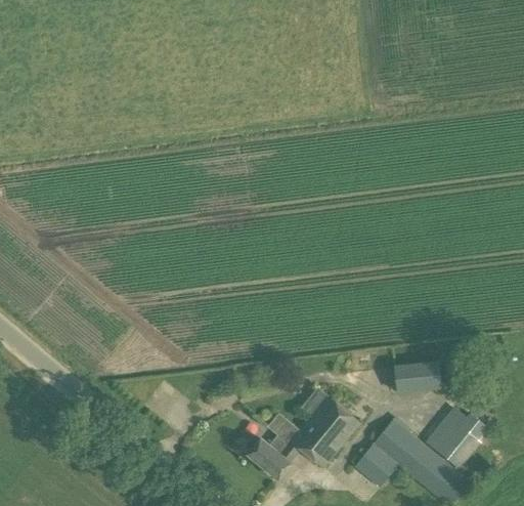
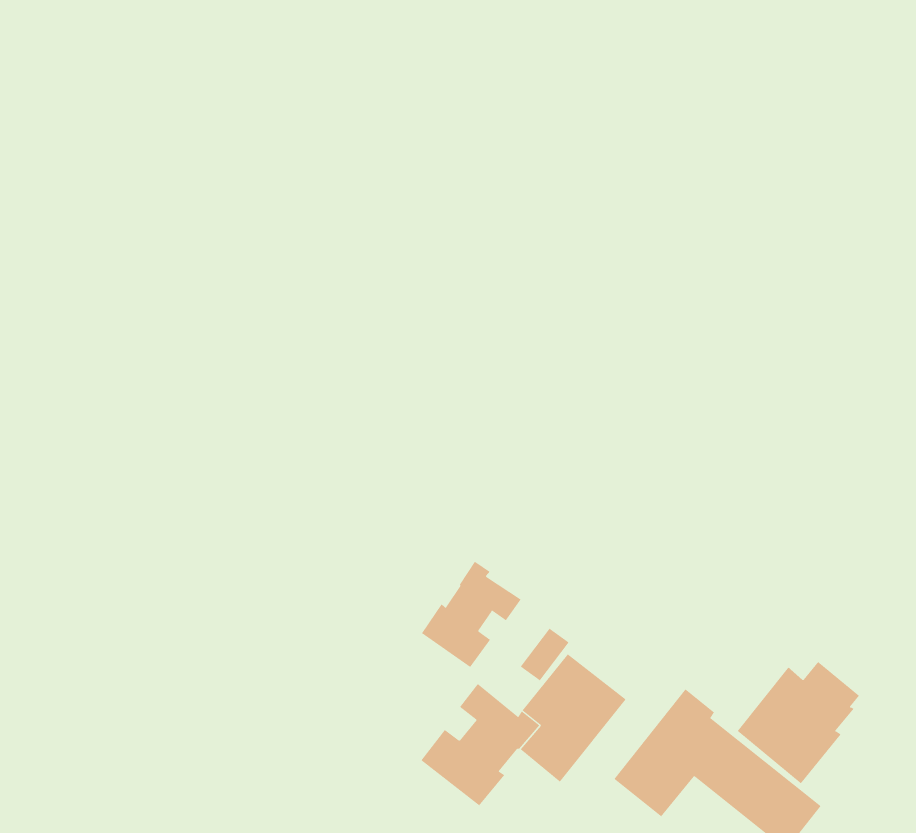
building: none -> [421,561,522,668]
building: [392,361,441,393] -> none

